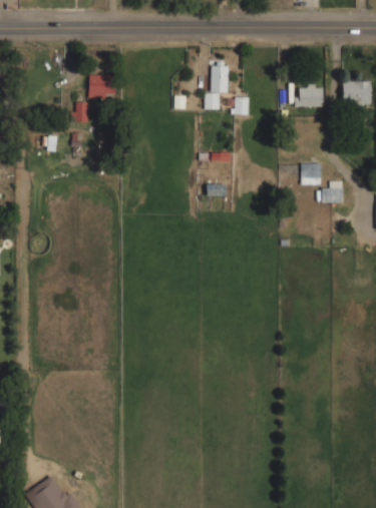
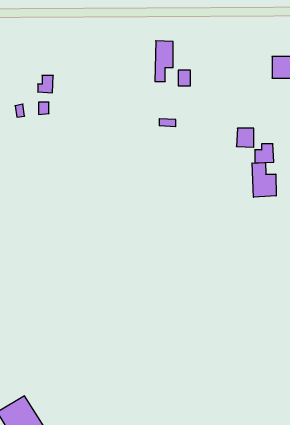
building: [88,75,114,97] -> none
building: [295,84,323,107] -> none
building: none -> [252,163,276,197]

